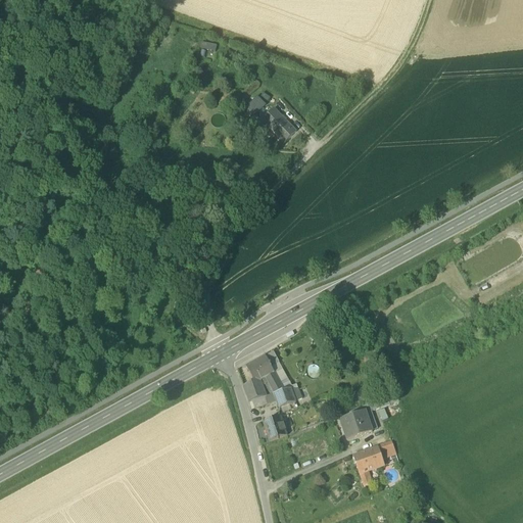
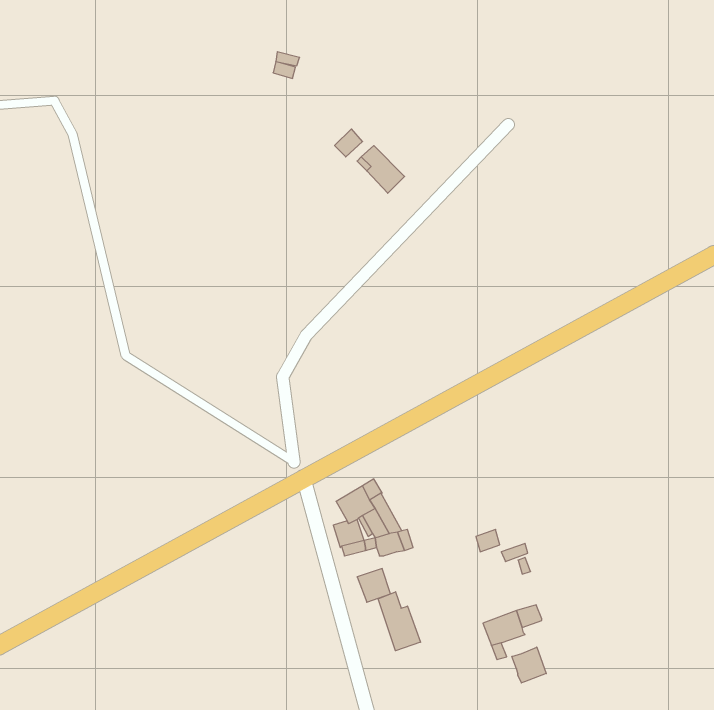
building: [341,410,374,439] -> none
building: none -> [378,592,421,651]
building: none -> [512,647,546,683]

